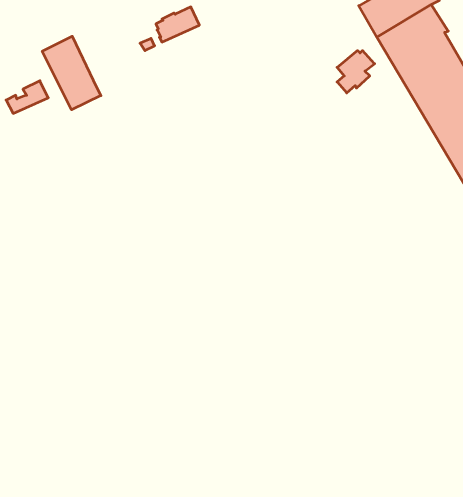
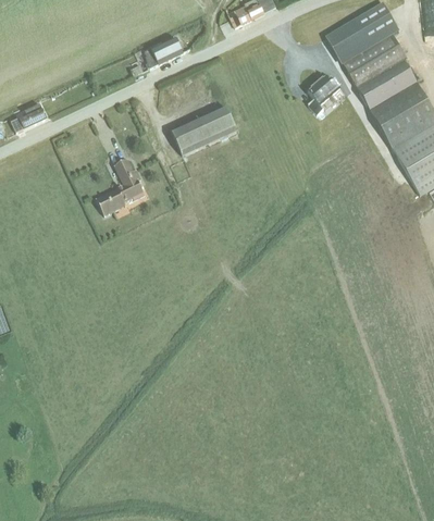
building: [42,36,101,110] -> none
building: none -> [170,106,235,154]
building: none -> [95,158,142,215]

